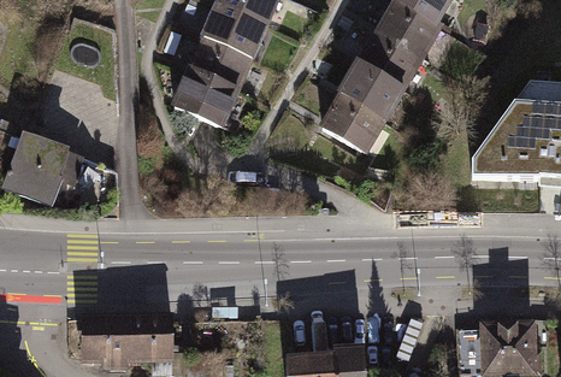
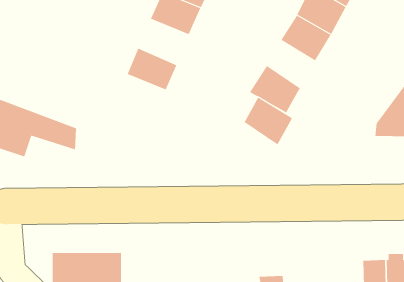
building: [188,37,249,93] -> none
building: [342,63,401,120] -> [244,97,293,145]

